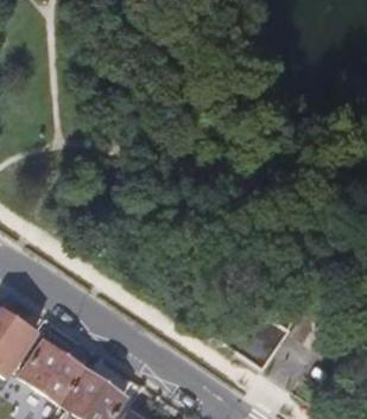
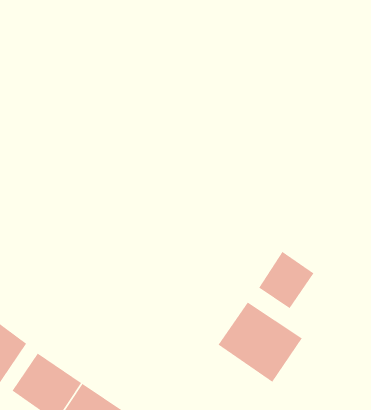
building: none -> [258,251,314,309]

